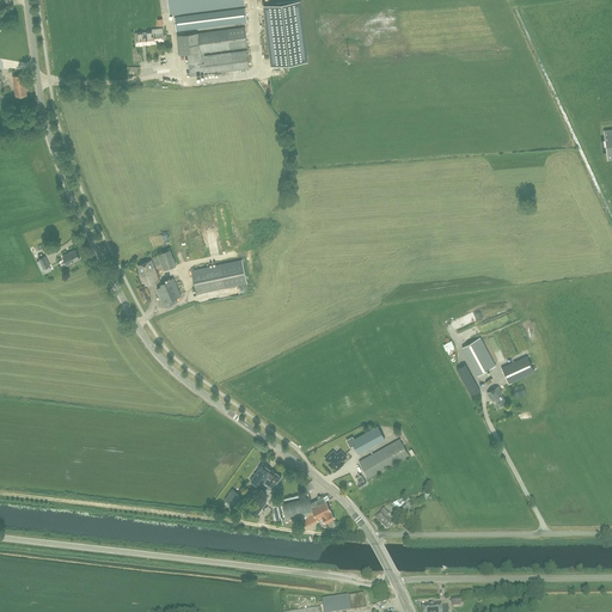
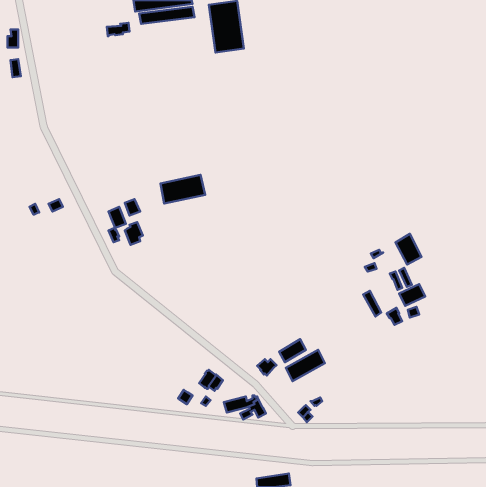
building: [175,27,247,76] -> none
building: [190,259,246,295] -> [160,175,205,203]
building: [461,337,494,375] -> [396,234,421,264]

